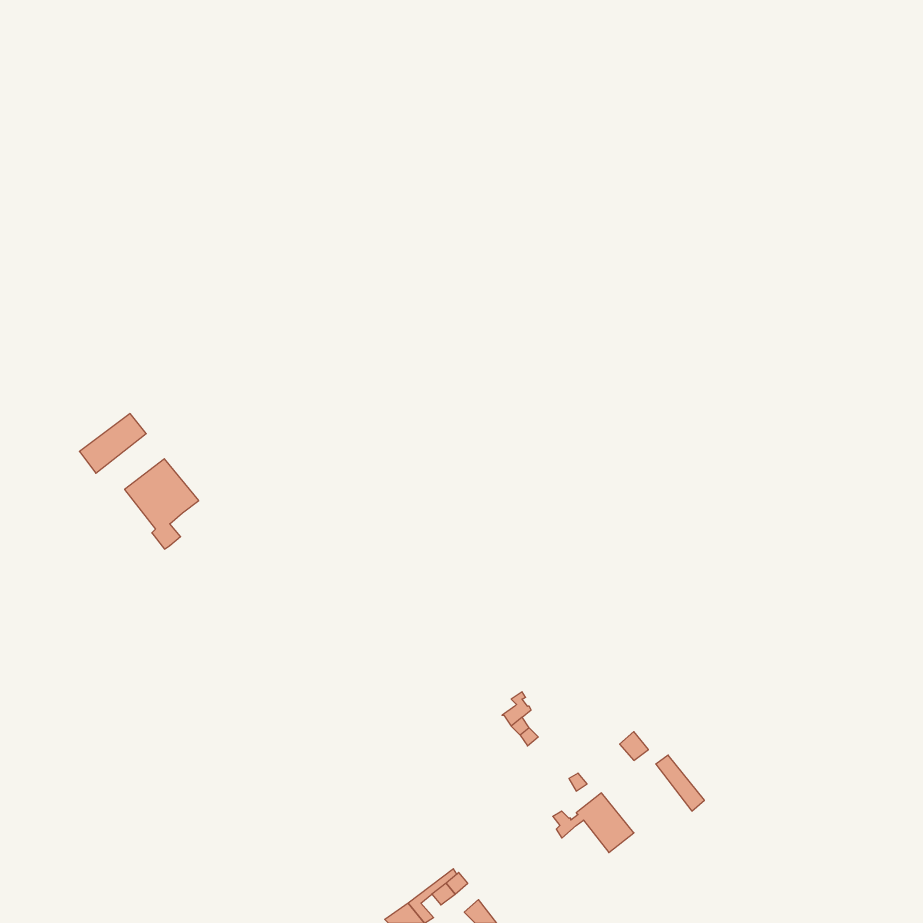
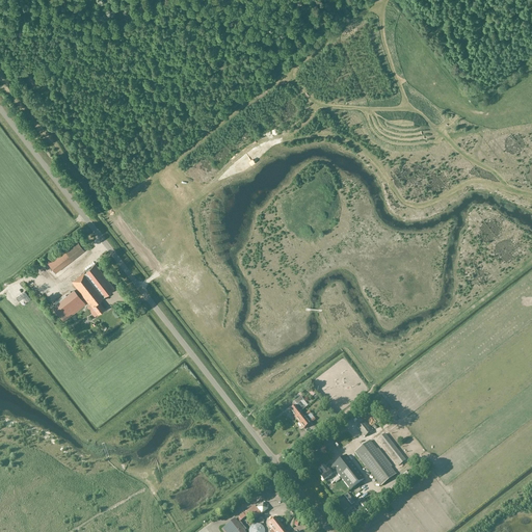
building: none -> [52,289,85,321]
building: none -> [354,442,396,487]

